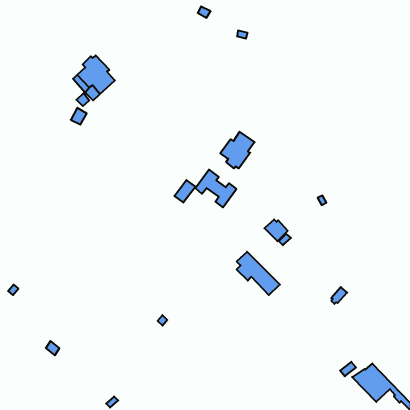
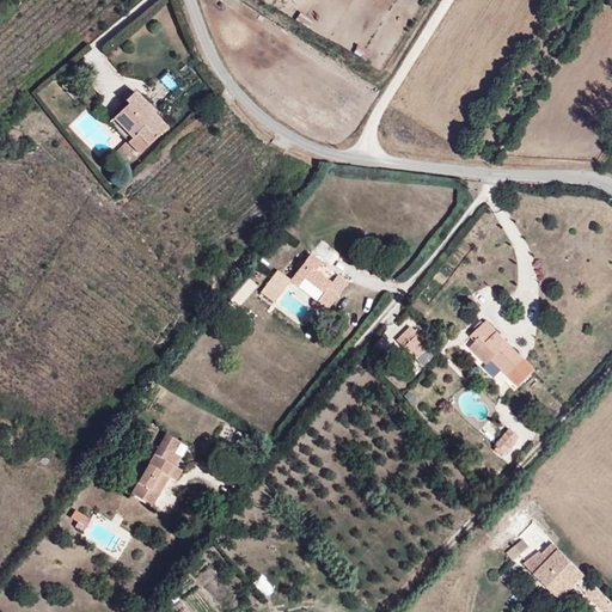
building: [220,132,255,168] -> none
building: [237,252,280,295] -> [470,323,534,387]
building: none -> [124,447,176,512]

